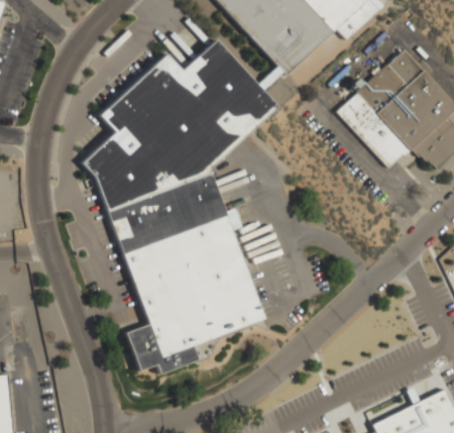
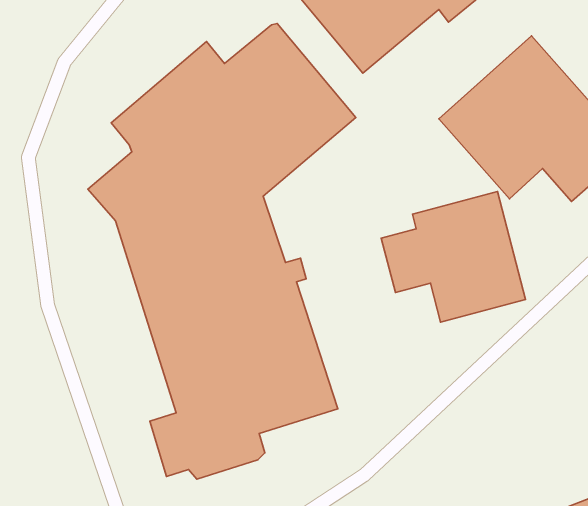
building: none -> [381,192,525,322]

